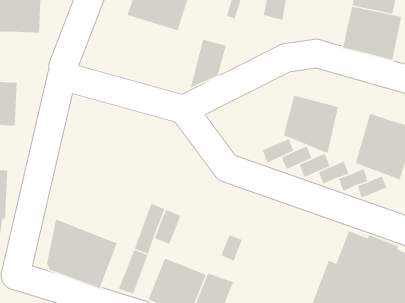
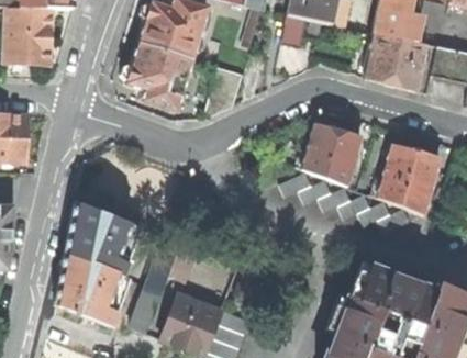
building: none -> [122,43,193,110]
building: none -> [66,203,143,277]

